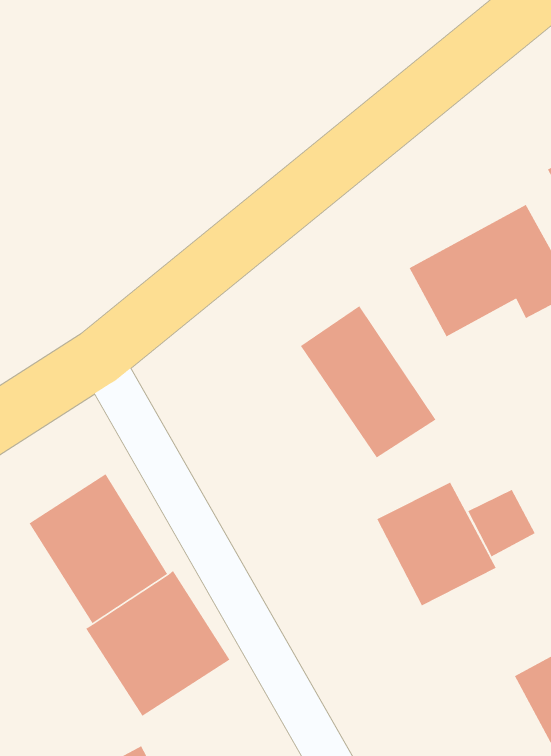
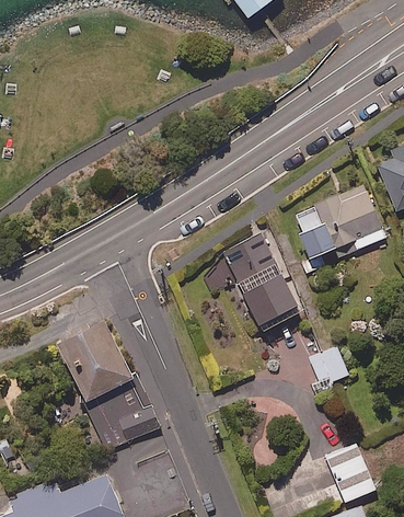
building: [376,482,497,607] -> none

